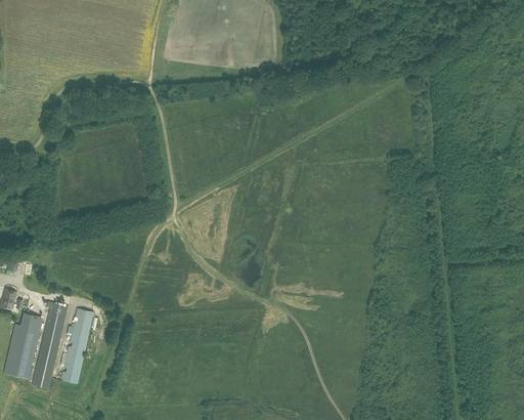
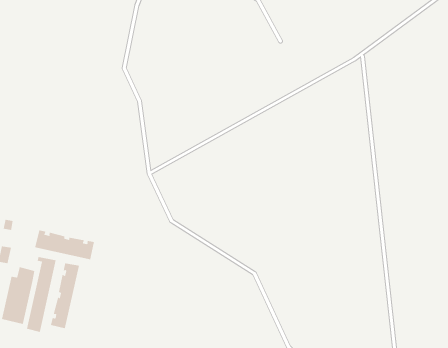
building: none -> [34,230,94,260]

